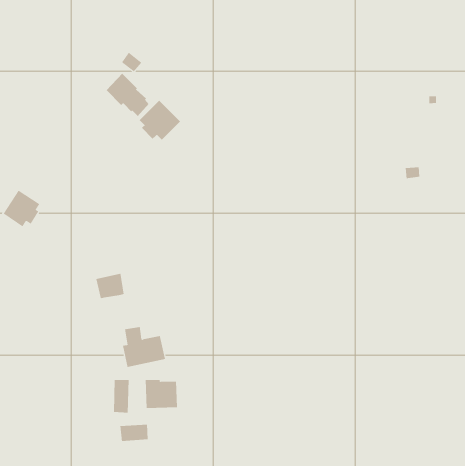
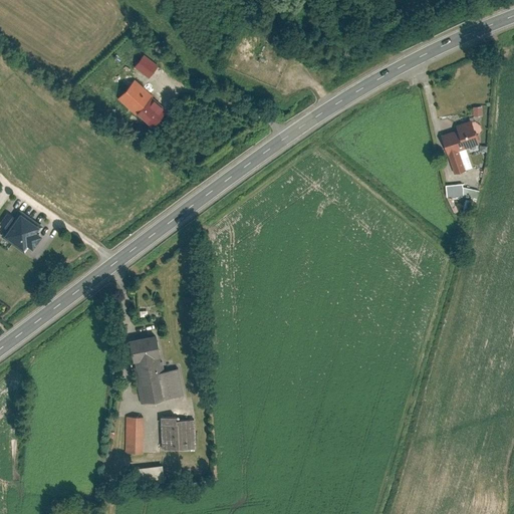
building: [139,100,181,141] -> none
building: none -> [442,125,479,175]
building: [95,273,125,299] -> [127,335,160,363]

